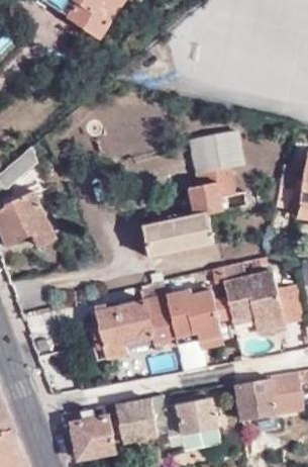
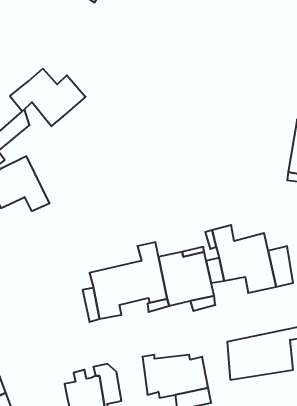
building: none -> [10,69,86,126]
building: [144,129,247,258] -> none
building: [114,396,156,441] -> none

